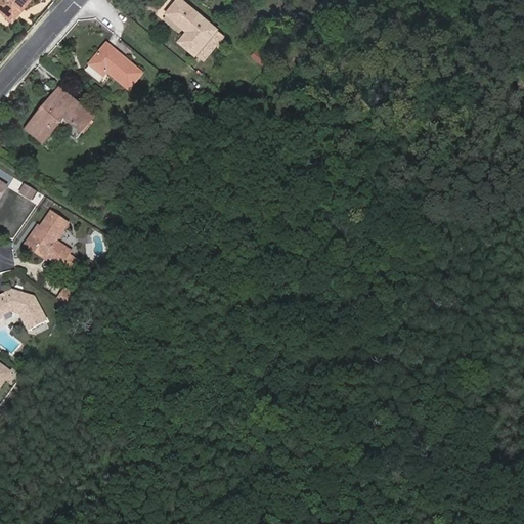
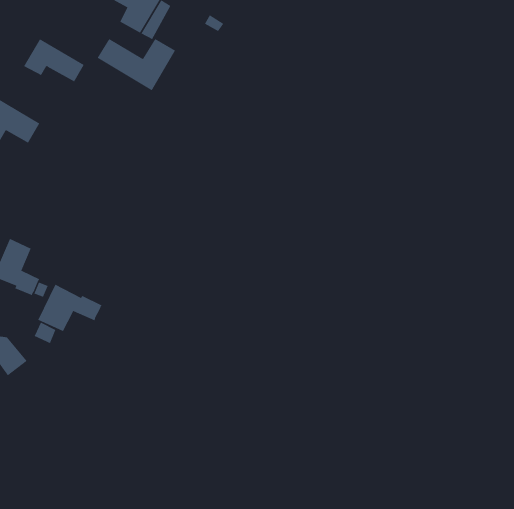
building: none -> [97,38,176,91]
building: none -> [38,284,102,332]

